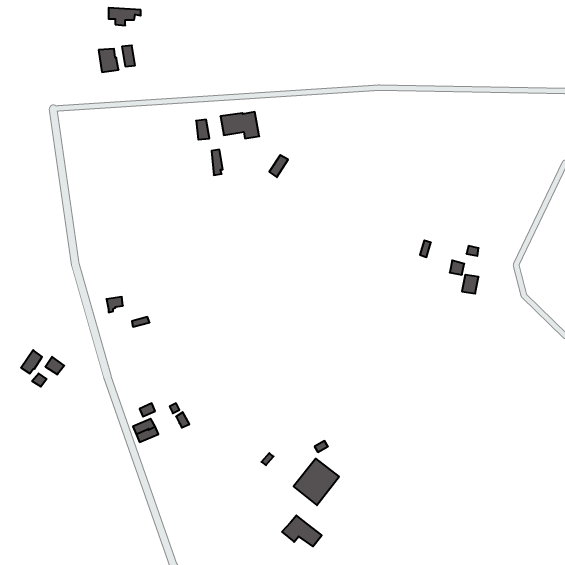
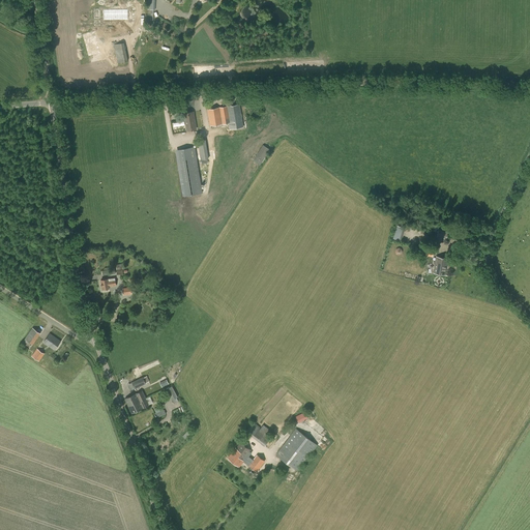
building: none -> [178,148,202,197]
building: [282,515,322,546] -> [227,443,264,472]

